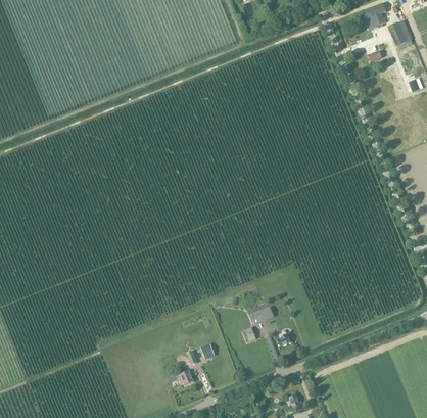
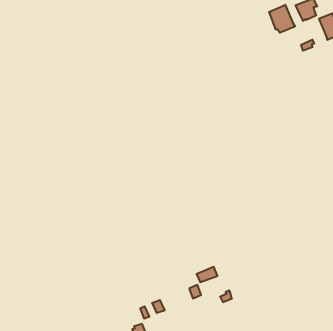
building: none -> [269,5,295,33]

